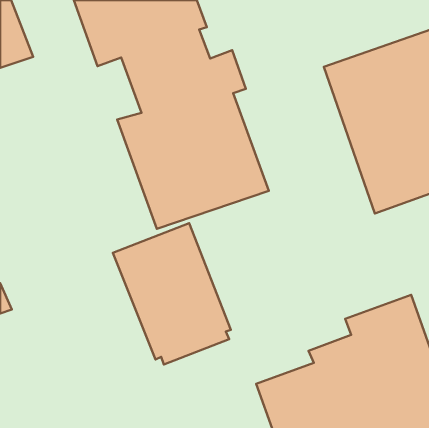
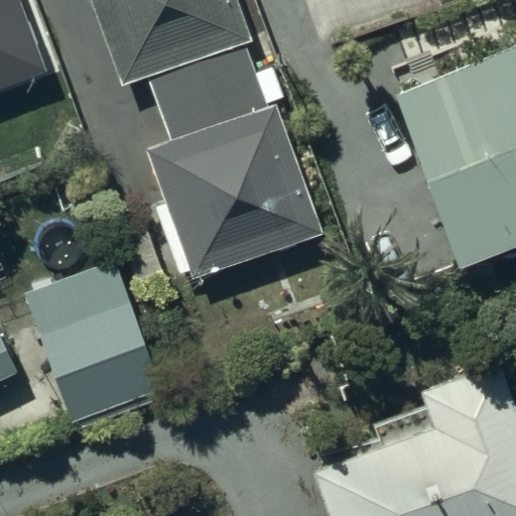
building: [113,223,231,365] -> [24,262,164,430]

